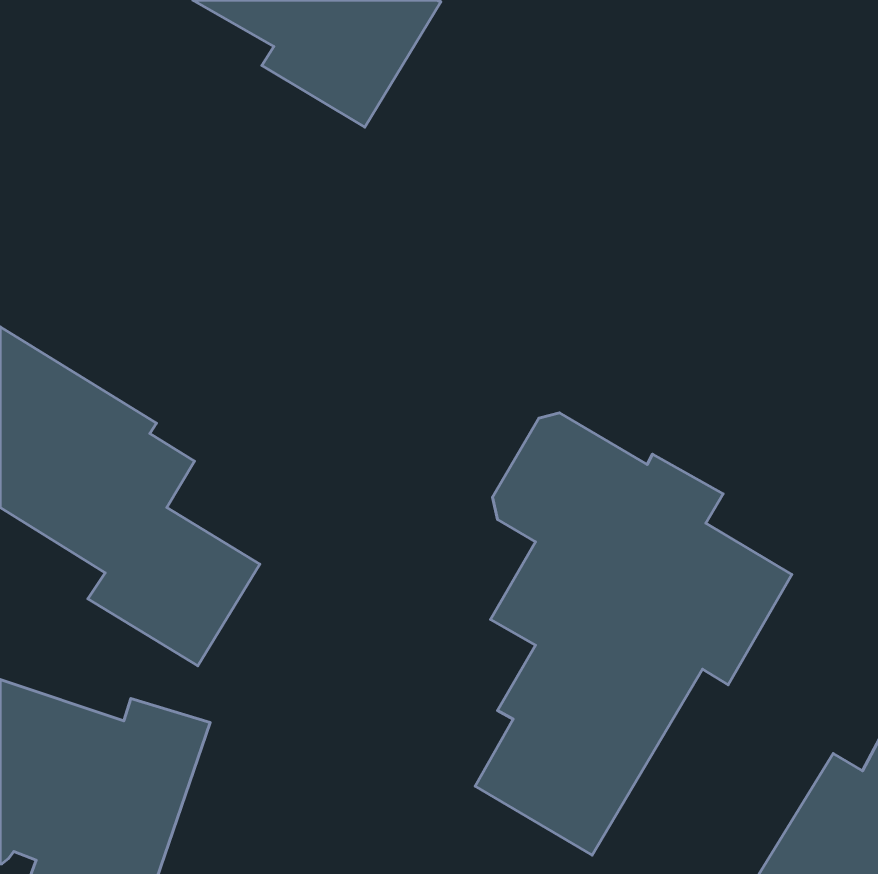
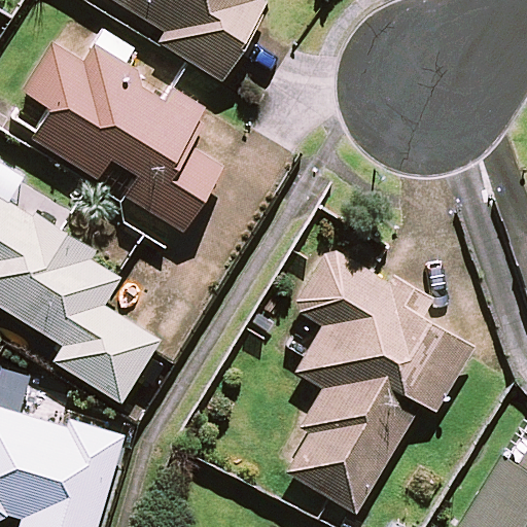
building: none -> [26,30,222,232]

